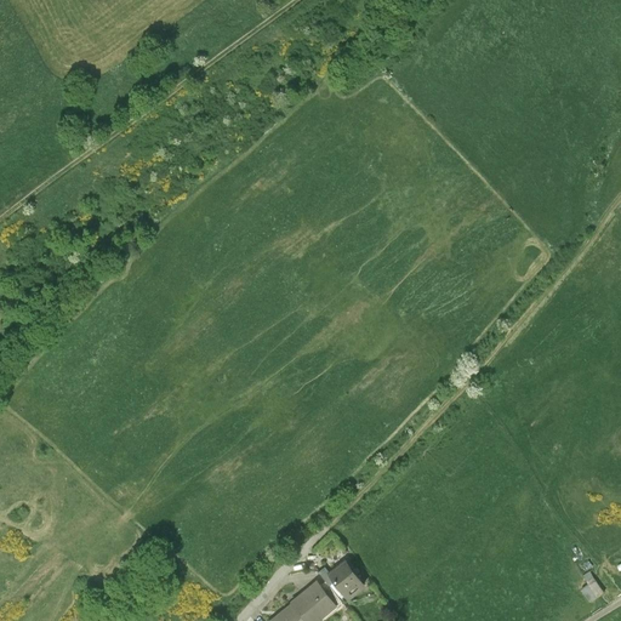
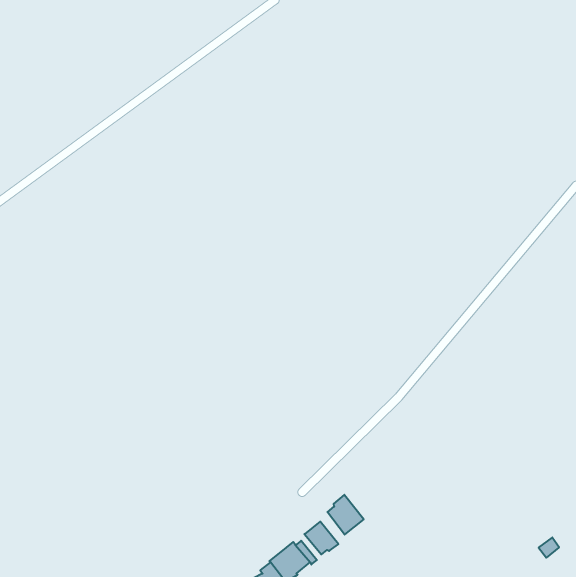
building: none -> [327,495,364,535]

